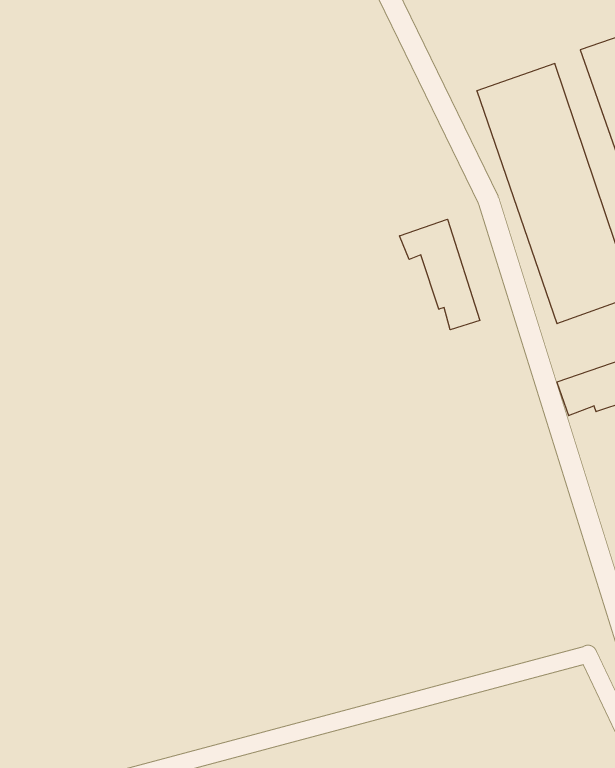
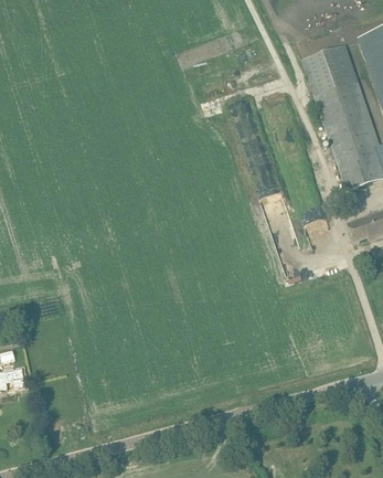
building: [400,219,480,330] -> none

